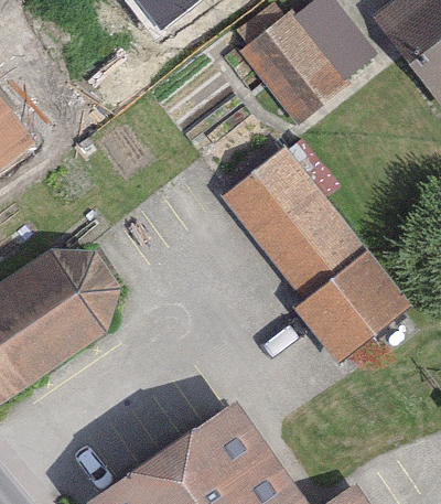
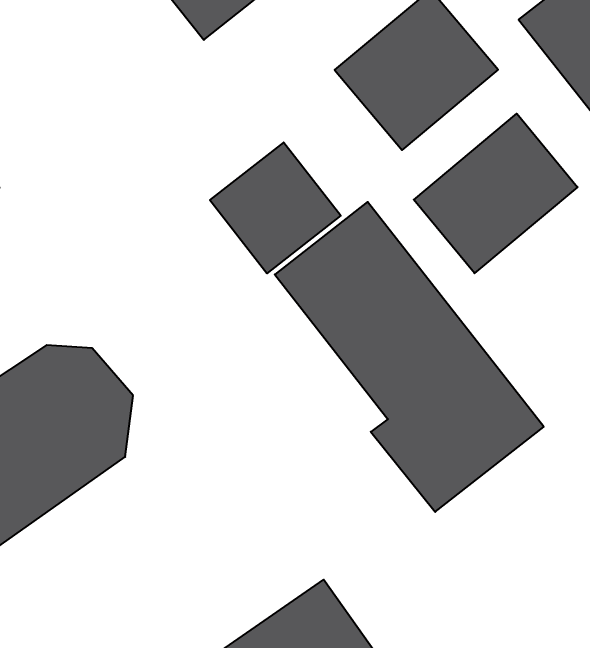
building: none -> [414,114,578,273]
building: none -> [210,142,341,273]

